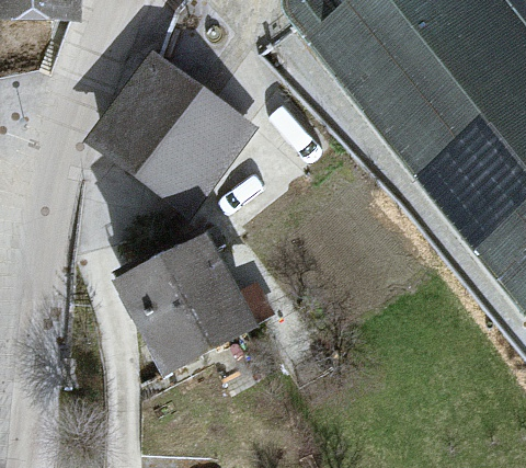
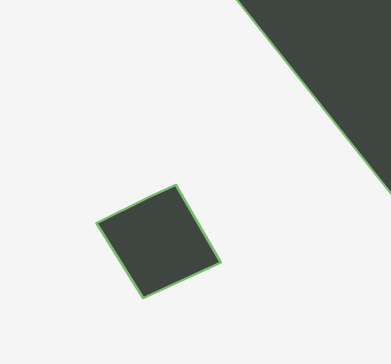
building: [90,47,255,212] -> none

